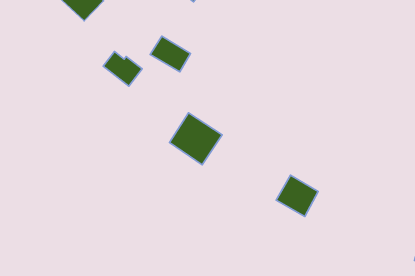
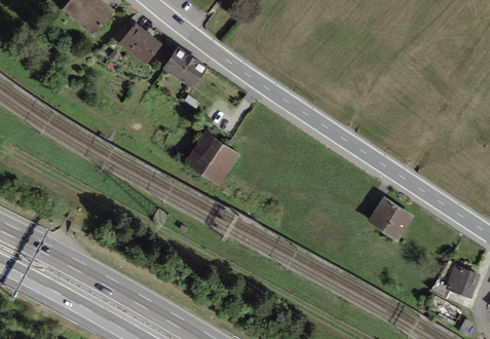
building: [103,52,142,86] -> [118,26,160,63]
building: [276,175,318,216] -> [366,195,411,239]

